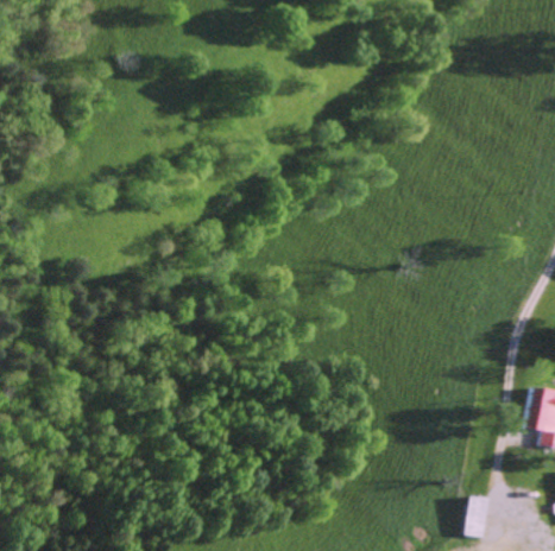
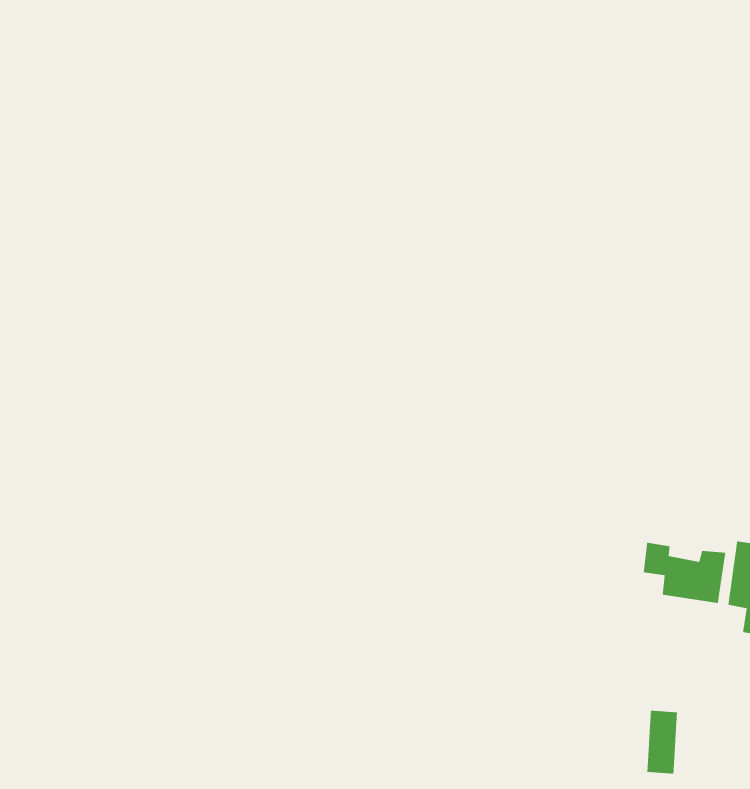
building: none -> [643,542,726,604]

